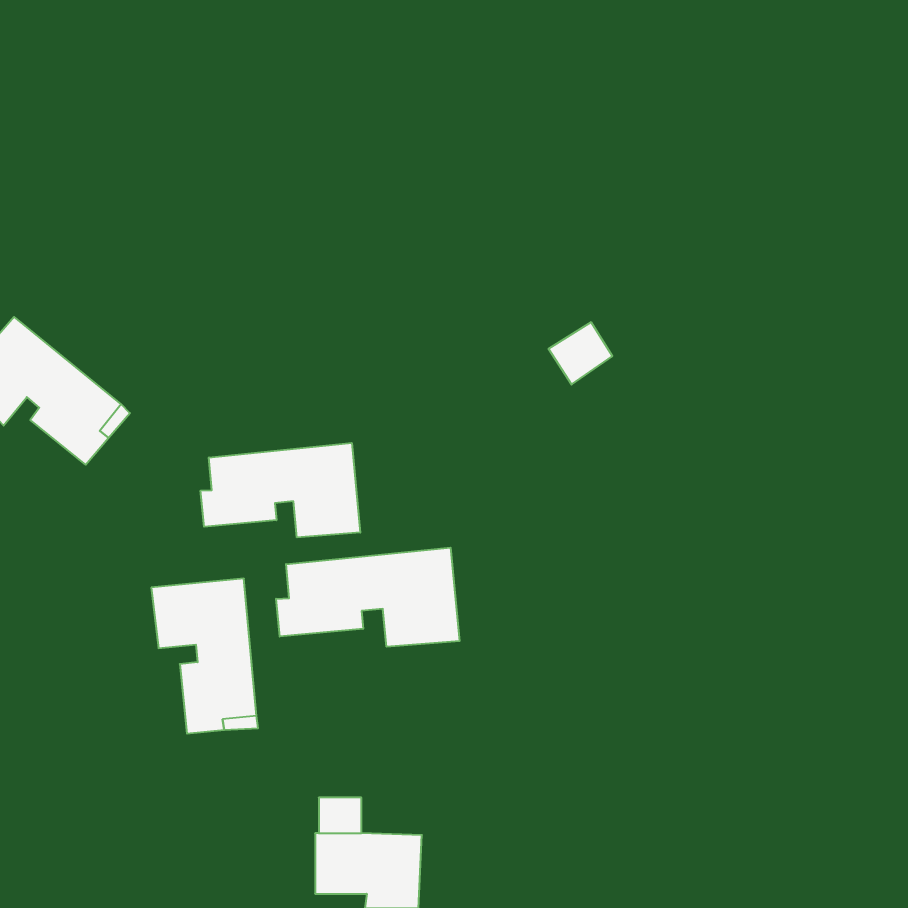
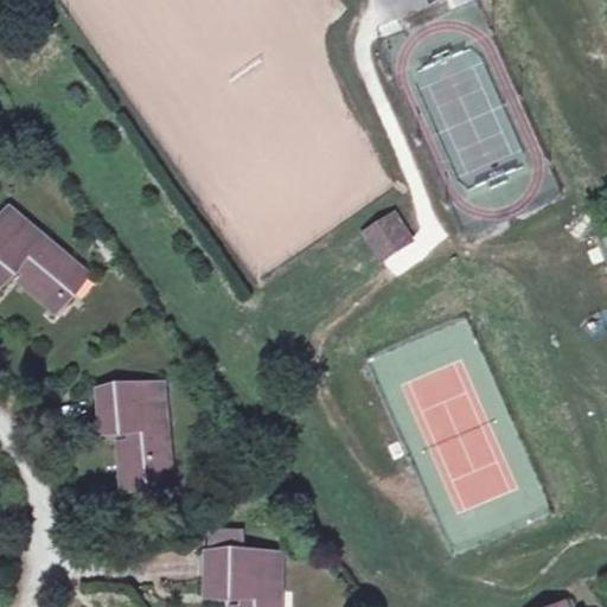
building: [201,443,360,537] -> none
building: [276,548,460,647] -> none

